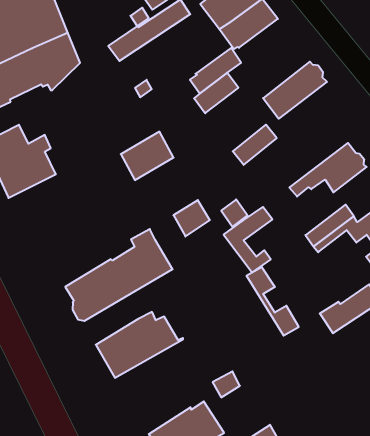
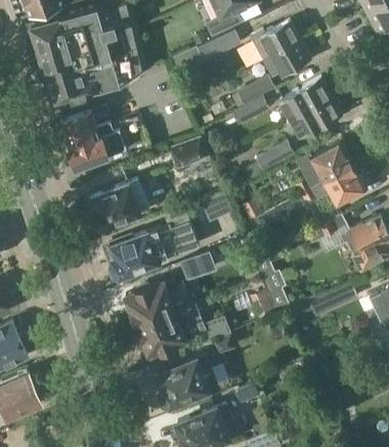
building: none -> [278,78,331,121]
building: none -> [294,143,351,195]
building: none -> [88,180,149,229]
building: none -> [180,251,217,280]
building: none -> [136,304,231,356]

